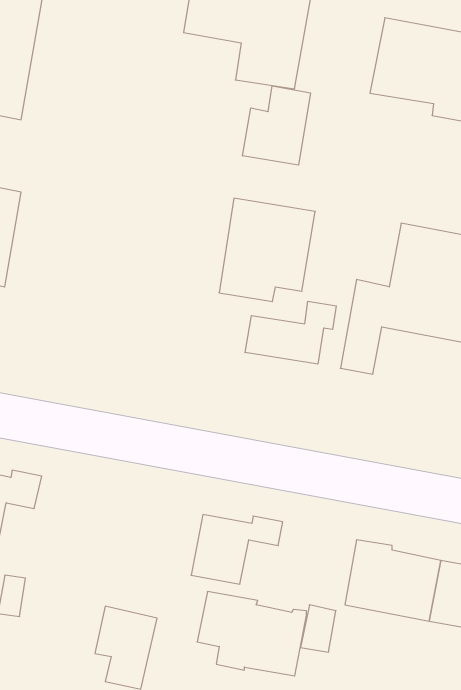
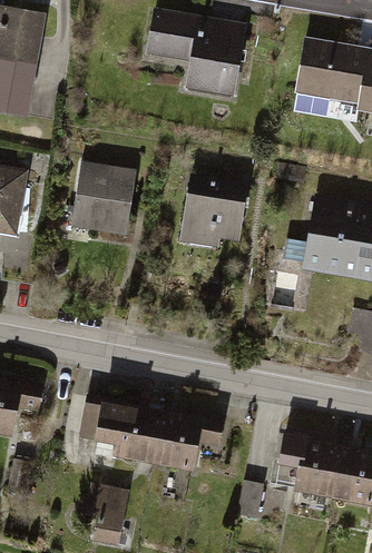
building: [243,86,310,165] -> none
building: none -> [67,166,140,239]
building: [245,301,336,364] -> none
building: [197,592,306,676] -> [82,395,165,458]

